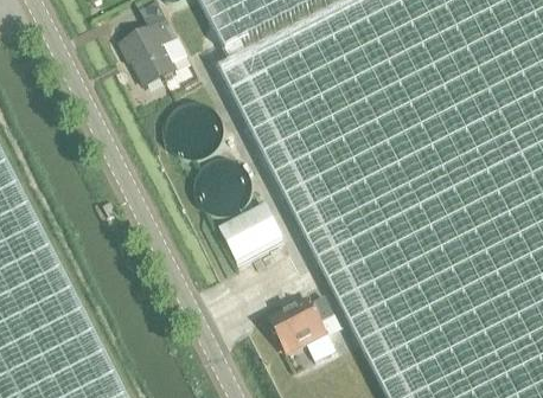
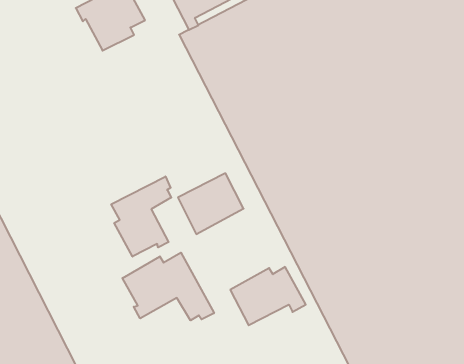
building: none -> [111,176,171,257]
building: none -> [122,253,214,320]

